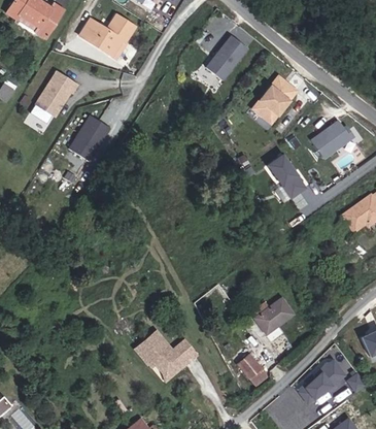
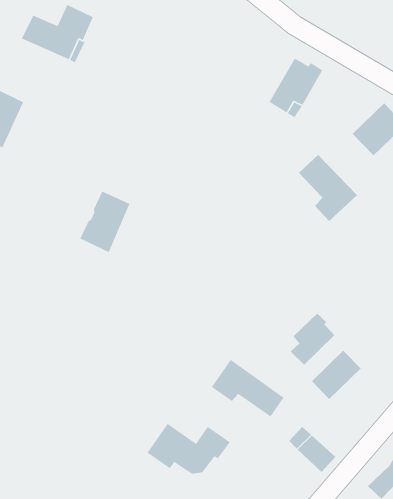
building: [207,37,248,81] -> none
building: [70,114,111,161] -> [79,191,130,253]
building: none -> [290,313,335,366]
building: none -> [211,359,285,417]

